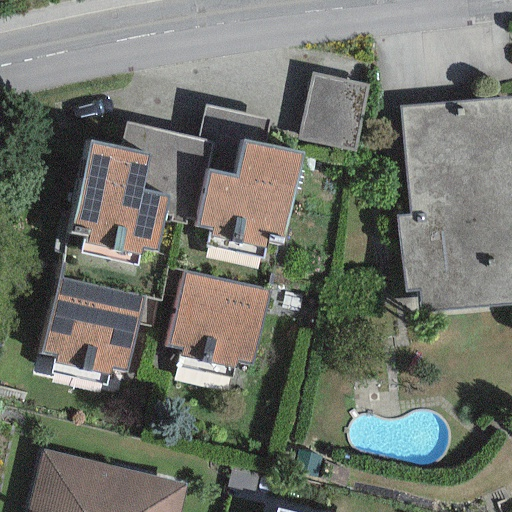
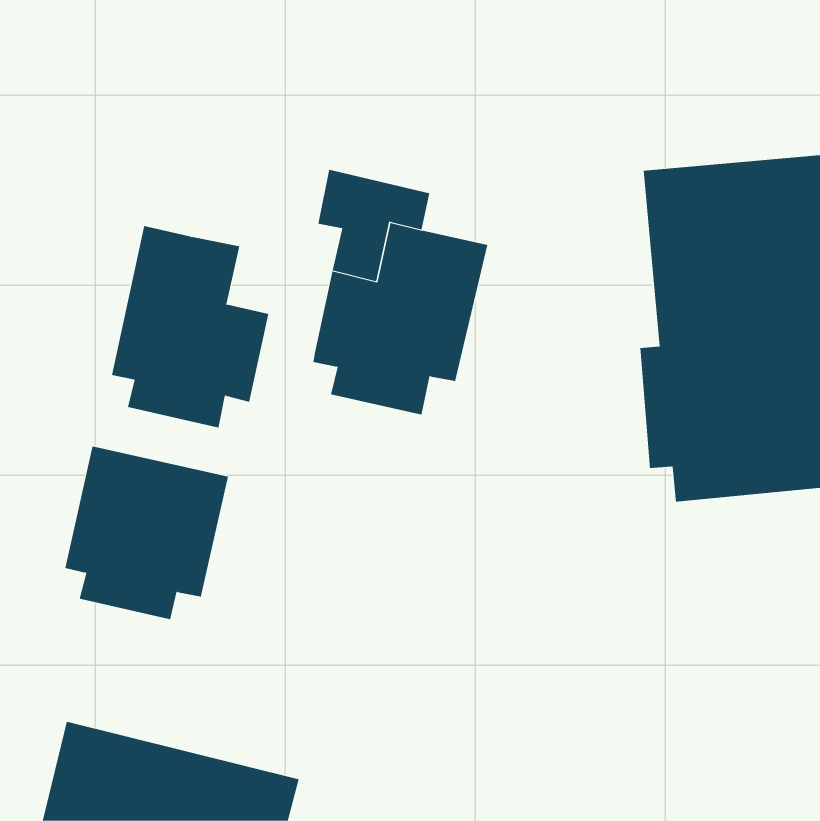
building: [298,72,370,152] -> none
building: [121,122,214,224] -> none
building: [167,268,270,383] -> none

